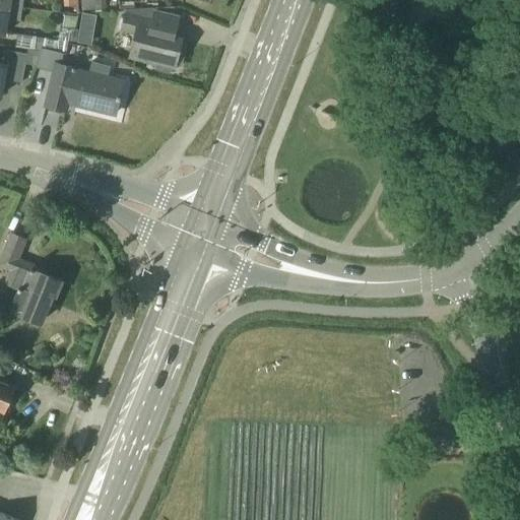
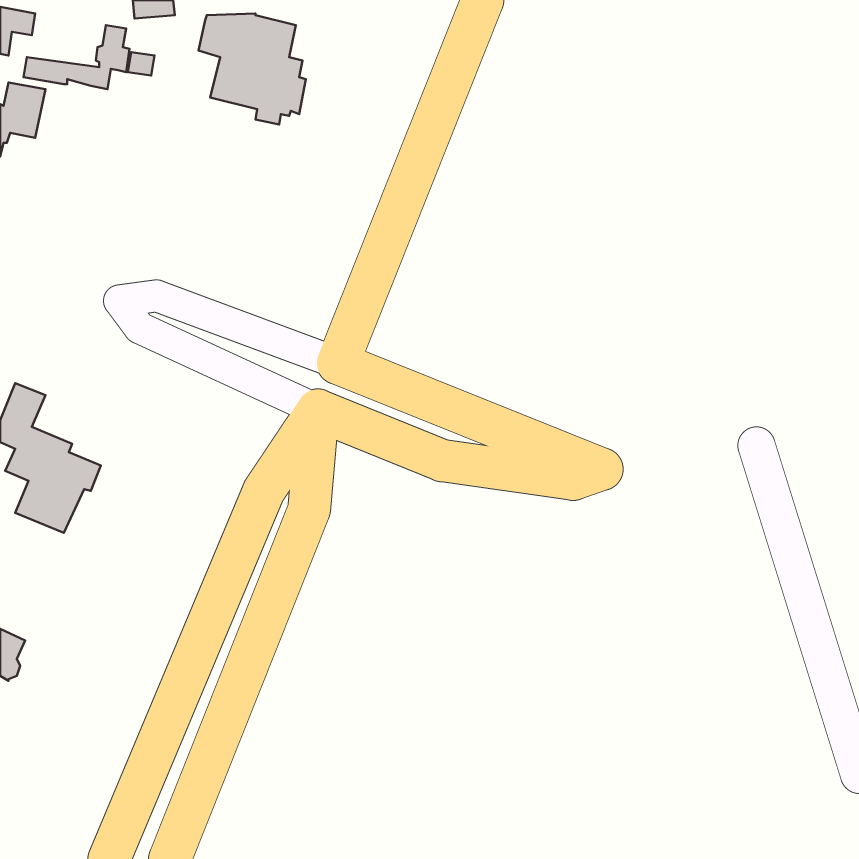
building: [46,64,122,113] -> none

